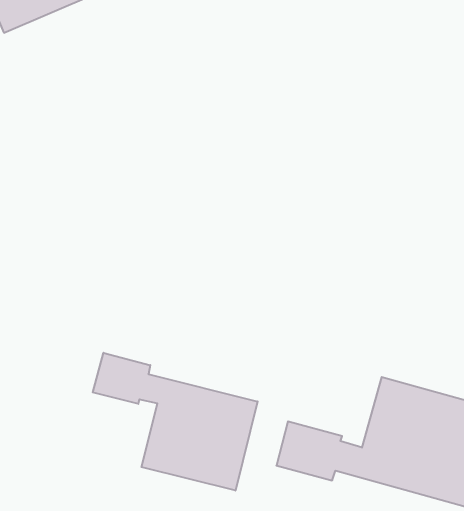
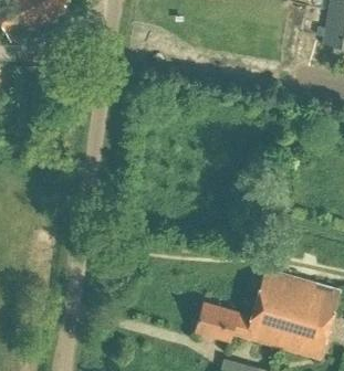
building: [93,353,258,491] -> none

